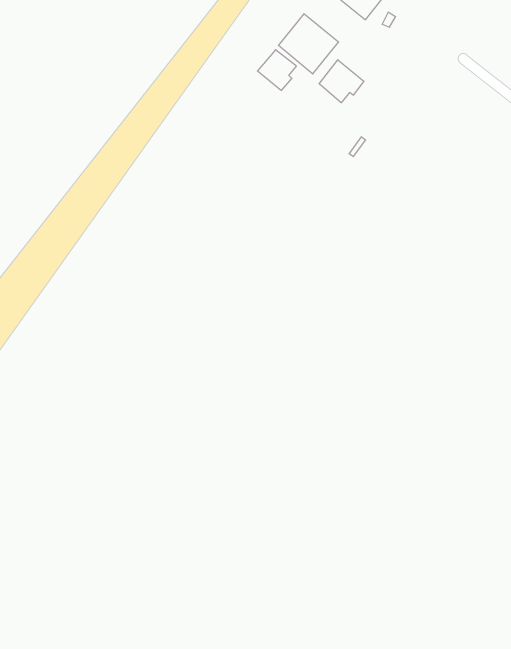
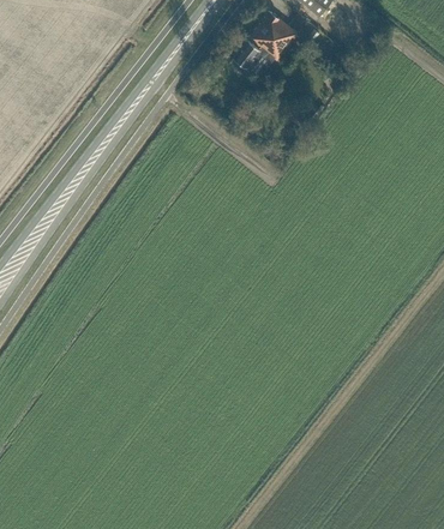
building: [319,60,364,103] -> none

